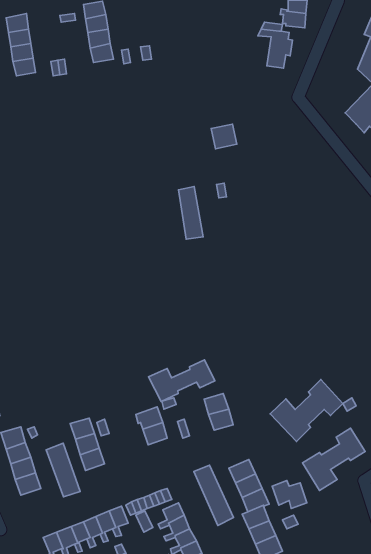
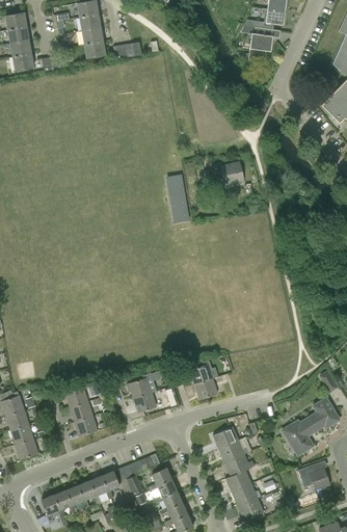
building: [211,124,237,149] -> [220,163,244,186]
building: [149,360,215,402] -> none
building: [270,380,343,442] -> none
building: [46,443,80,497] -> none
building: [194,465,234,525] -> none
building: [272,481,307,508] -> [298,464,330,490]

